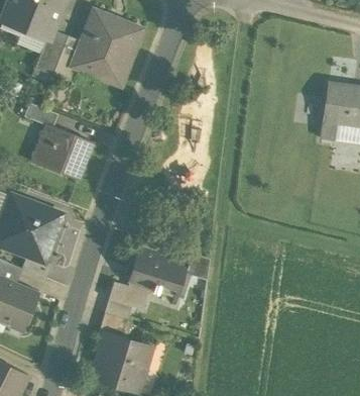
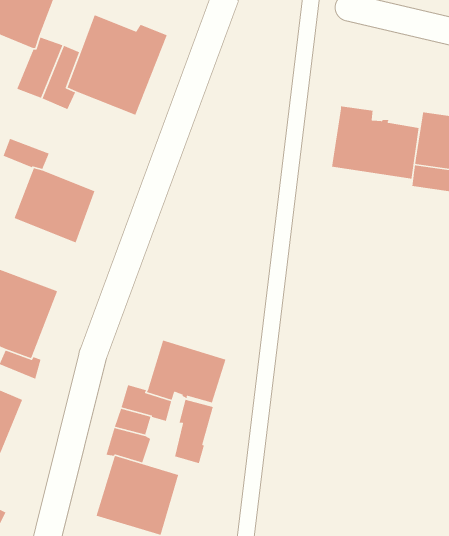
building: none -> [331,105,420,179]
building: none -> [174,399,214,464]

